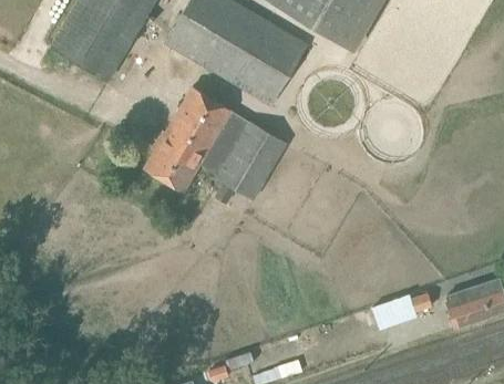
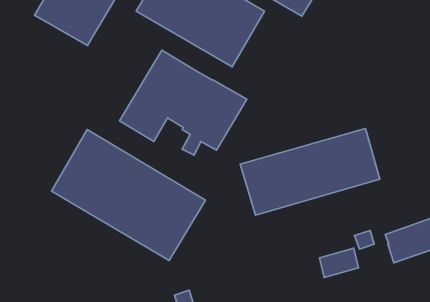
building: none -> [240,128,380,215]
building: none -> [52,130,206,261]

